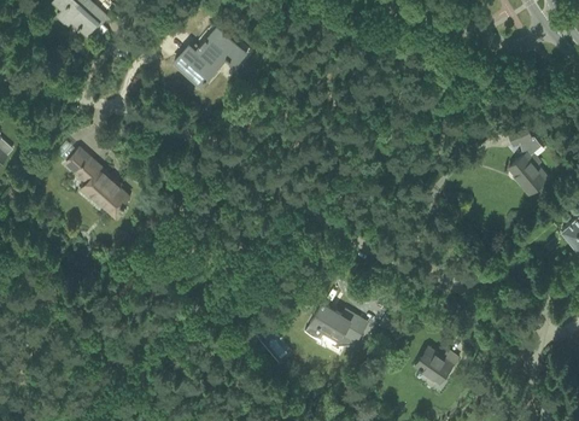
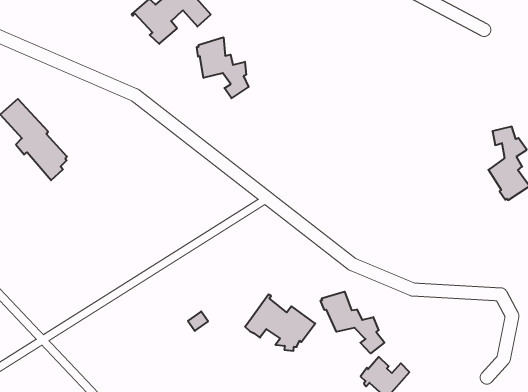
building: none -> [197,37,249,98]
building: none -> [321,292,384,353]

